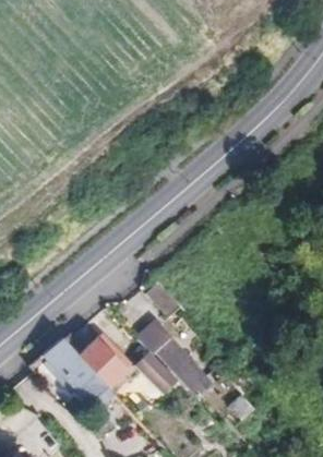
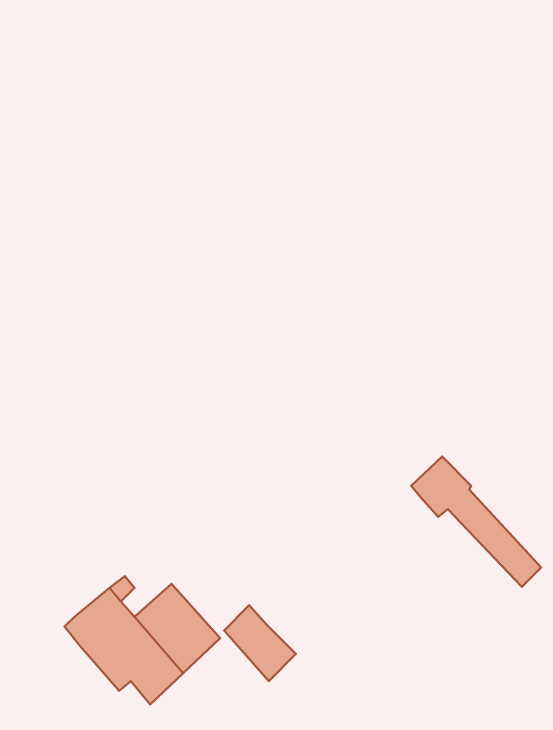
building: [139,324,212,397] -> [411,457,541,587]

